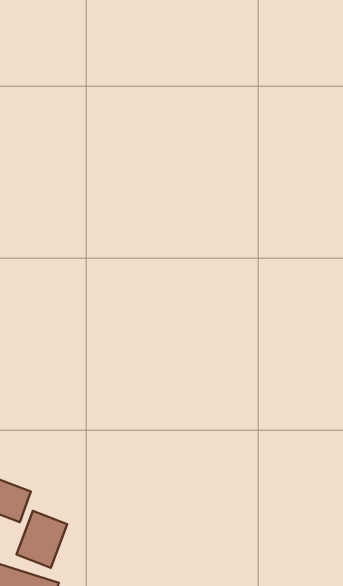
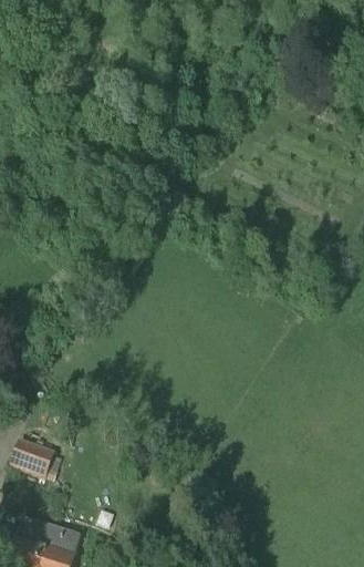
building: [16,511,67,568] -> none

